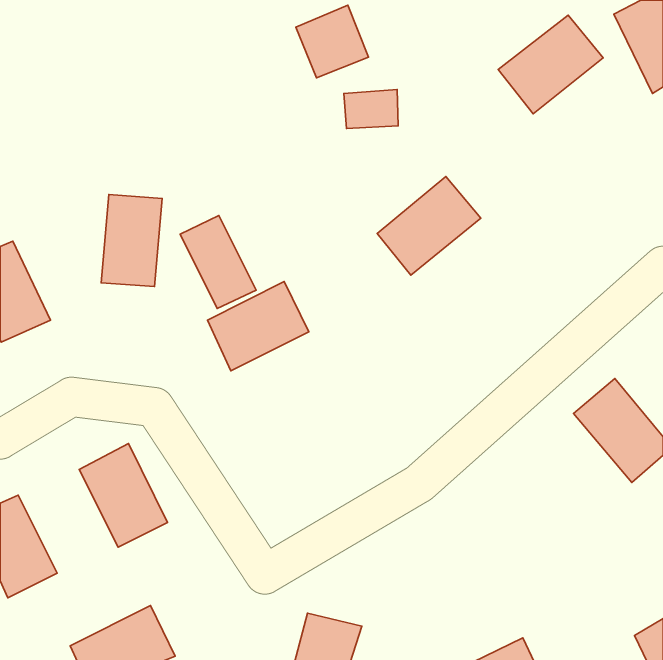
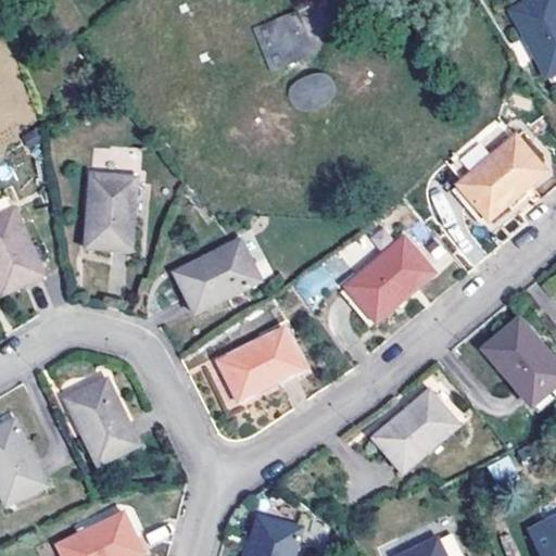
building: [498,15,603,114] -> [457,138,545,220]
building: [377,177,481,275] -> [345,239,432,321]
building: [180,216,256,309] -> none
building: none -> [216,327,303,401]
building: none -> [376,391,458,471]

